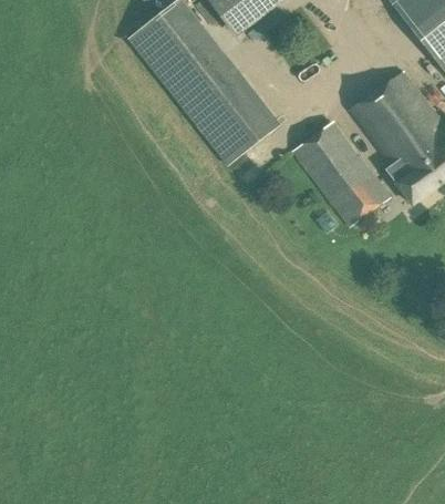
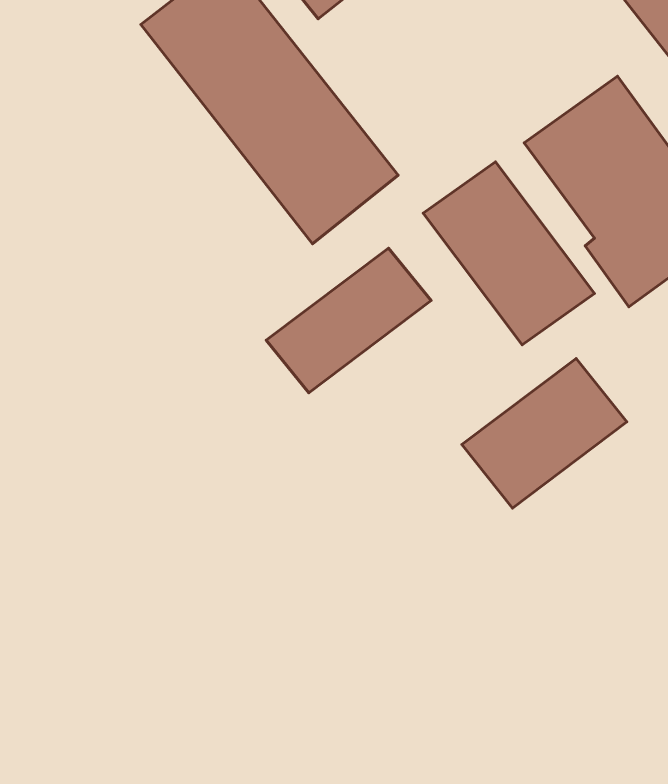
building: none -> [266,248,431,393]
building: none -> [462,358,627,508]

